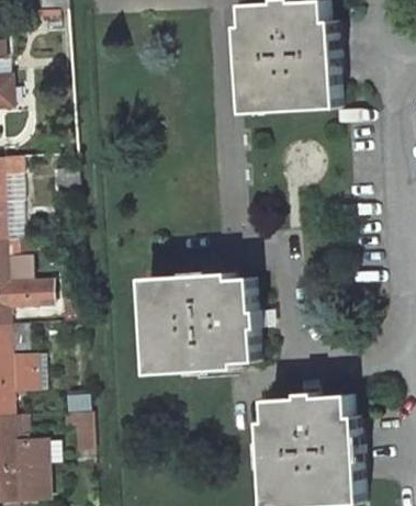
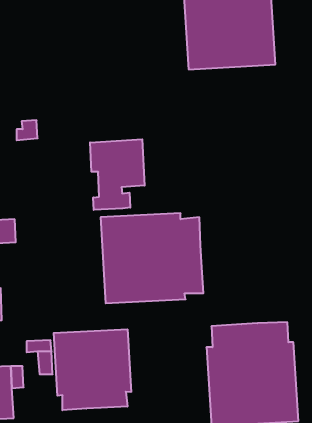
building: none -> [90,139,145,210]
building: none -> [54,329,131,410]

